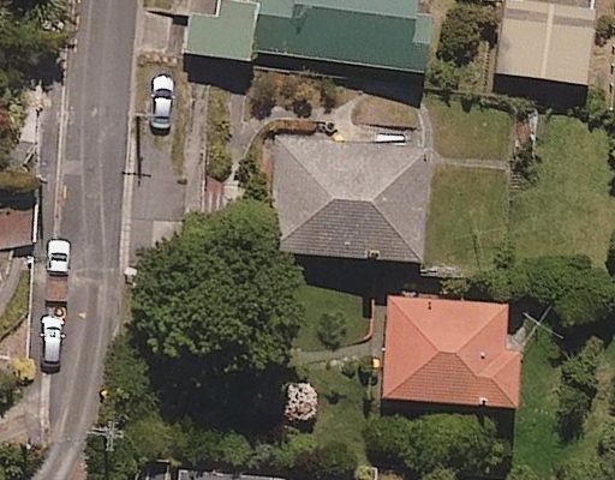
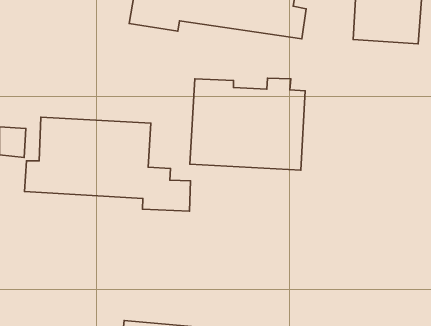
building: none -> [25,117,190,211]
building: [378,294,521,410] -> none

